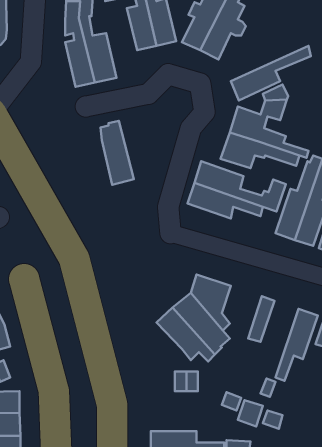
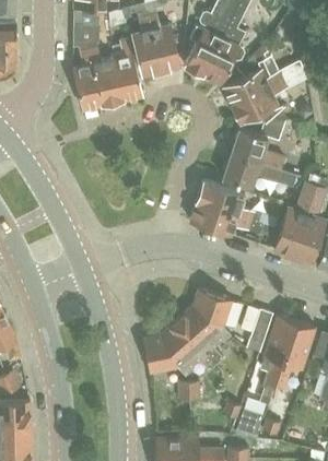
building: none -> [222,55,306,104]
building: [101,121,134,185] -> [110,39,142,101]
building: none -> [263,315,295,387]
building: none -> [142,334,192,376]

